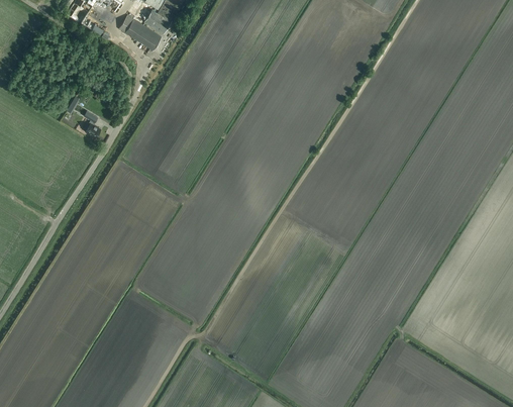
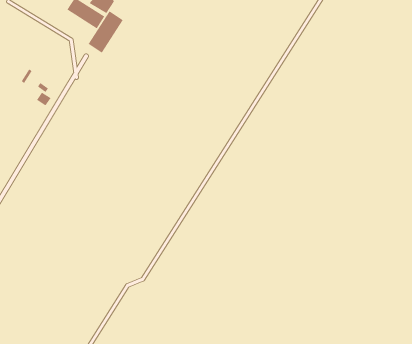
building: none -> [88,11,124,53]

